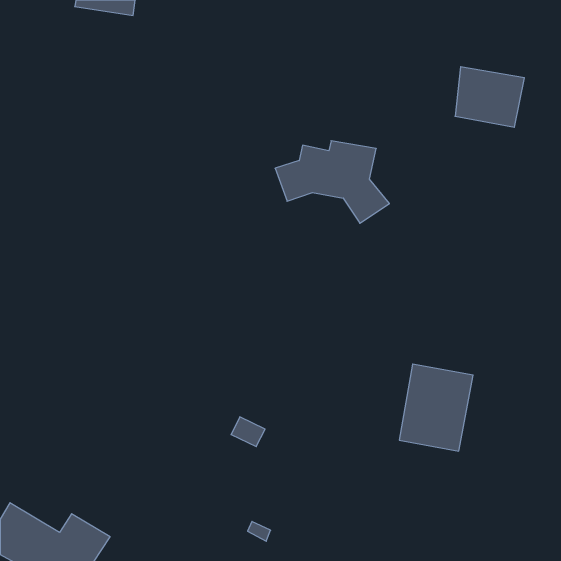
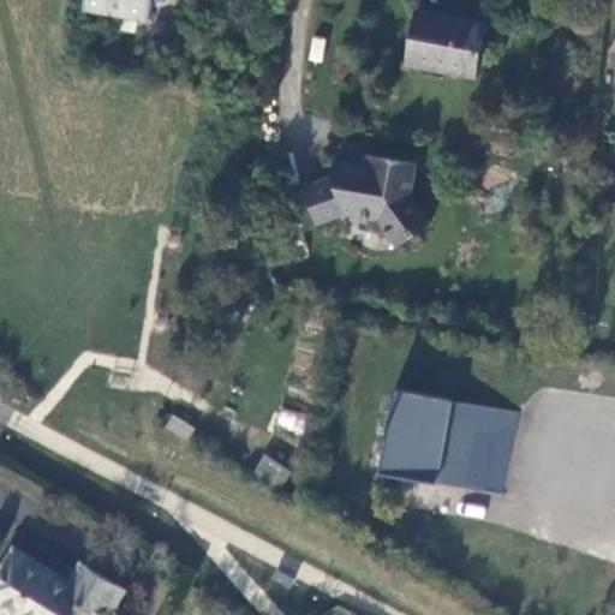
building: [455,67,524,127] -> [408,13,484,79]
building: none -> [381,389,452,483]

